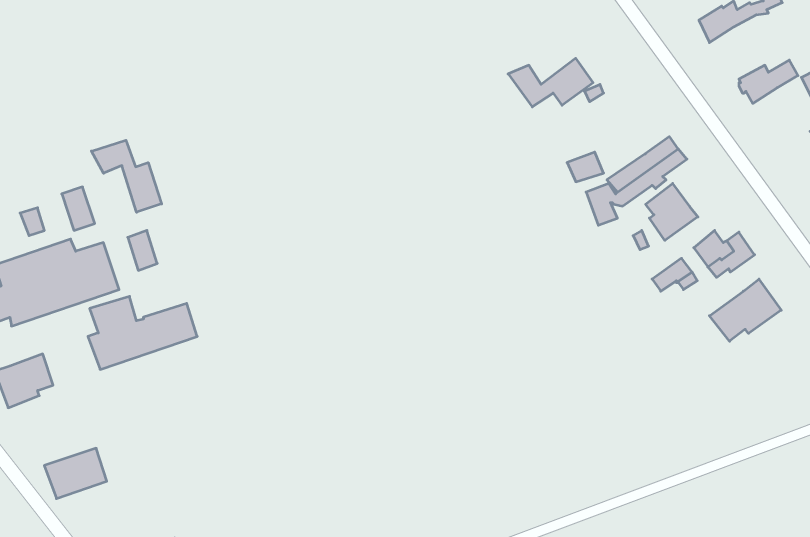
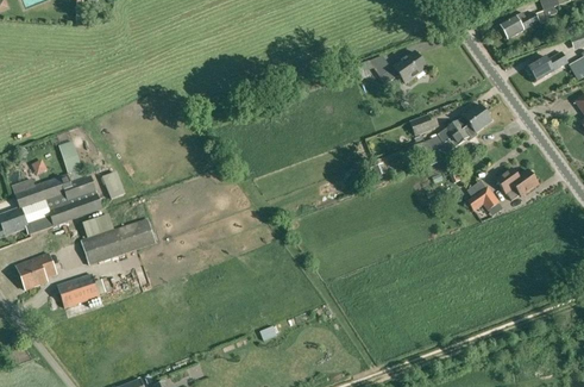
building: [91,140,162,212] -> none
building: [646,183,698,240] -> none
building: [709,279,781,341] -> none
building: [44,448,107,499] -> [57,273,100,307]

